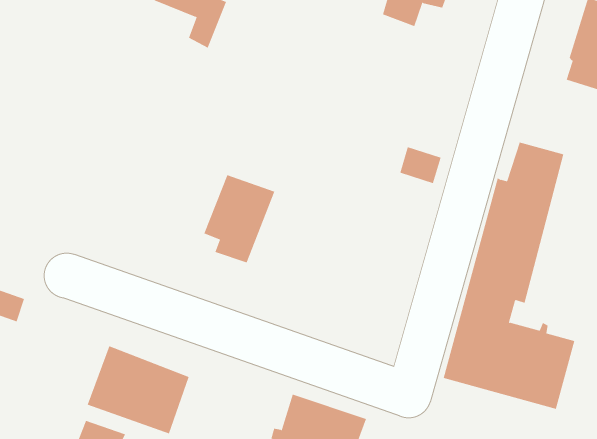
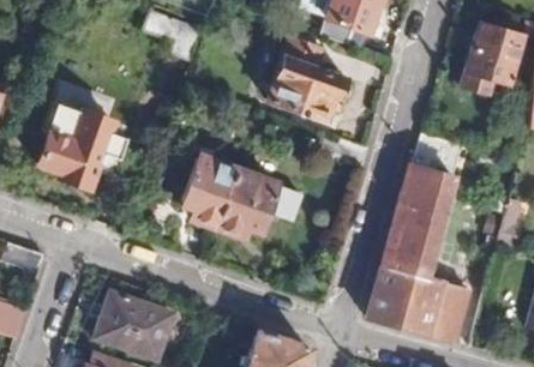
building: none -> [270,36,353,119]
building: none -> [37,102,126,188]
building: none -> [216,173,277,236]

